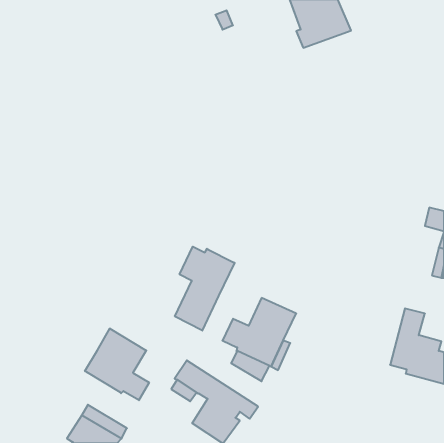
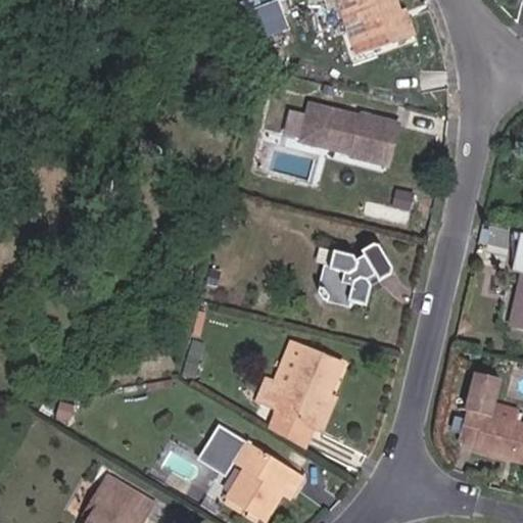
building: none -> [302,105,399,165]
building: none -> [316,239,393,301]
building: [175,247,235,331] -> none
building: [85,328,149,400] -> none

